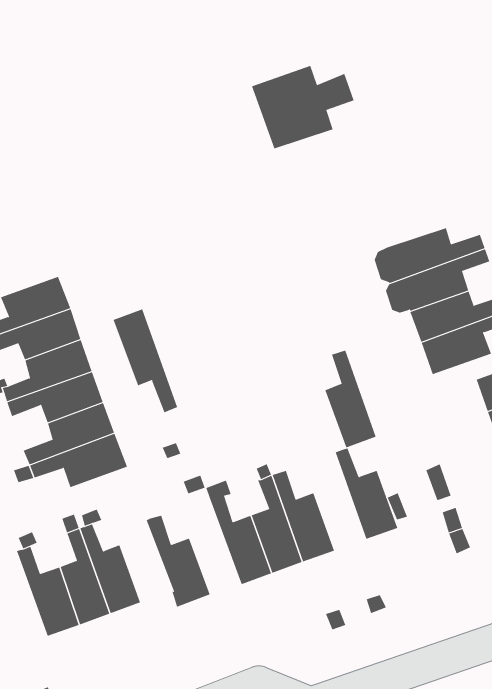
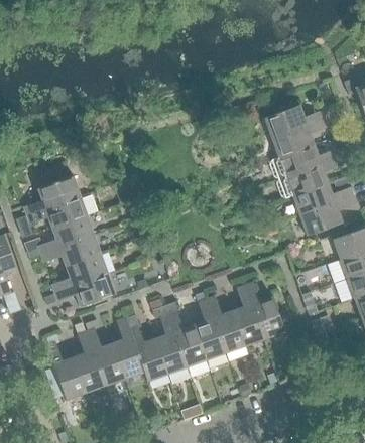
building: [251,65,355,149] -> [263,105,328,157]
building: [113,309,178,413] -> none
building: [325,350,376,448] -> [232,285,264,346]
building: none -> [154,313,187,374]
building: none -> [111,318,144,379]

